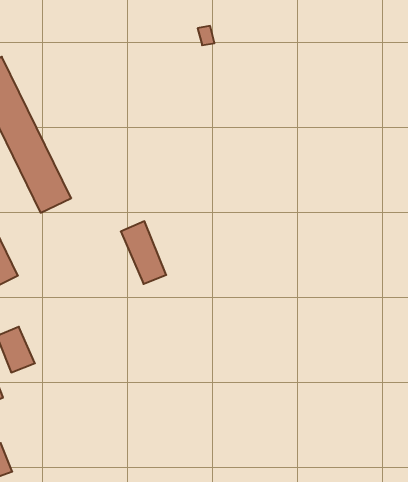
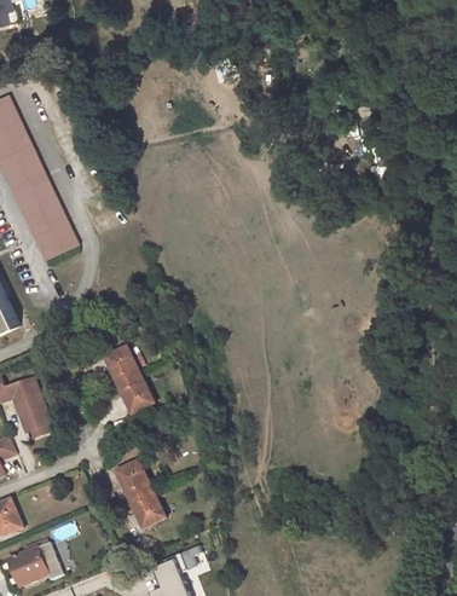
building: [121,221,166,284] -> [105,347,154,413]
building: none -> [114,462,162,530]

